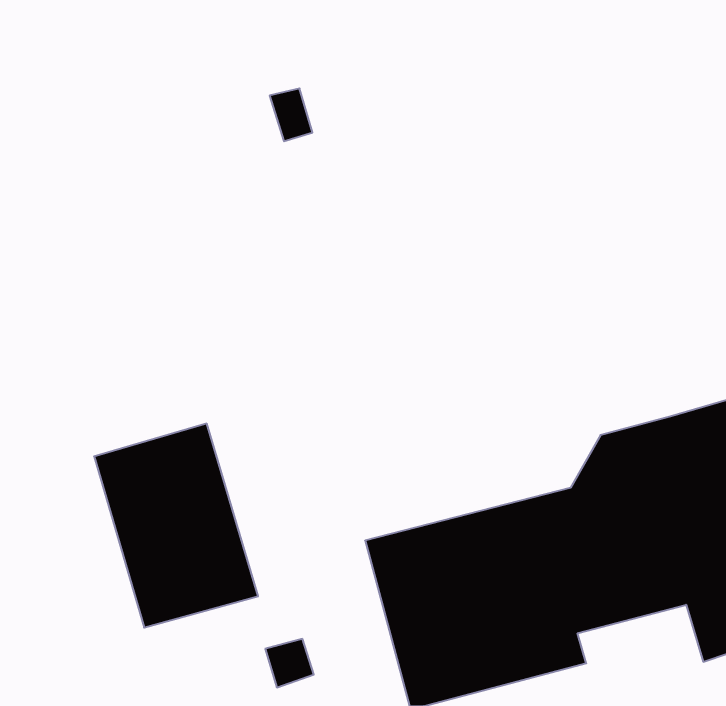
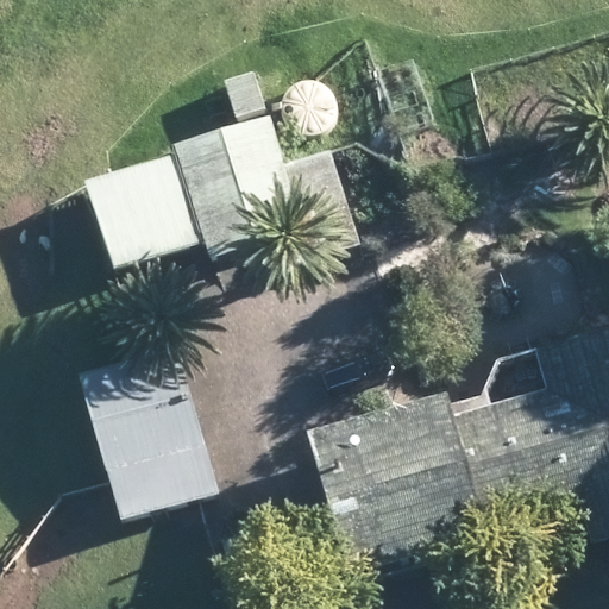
building: none -> [87,124,368,275]

